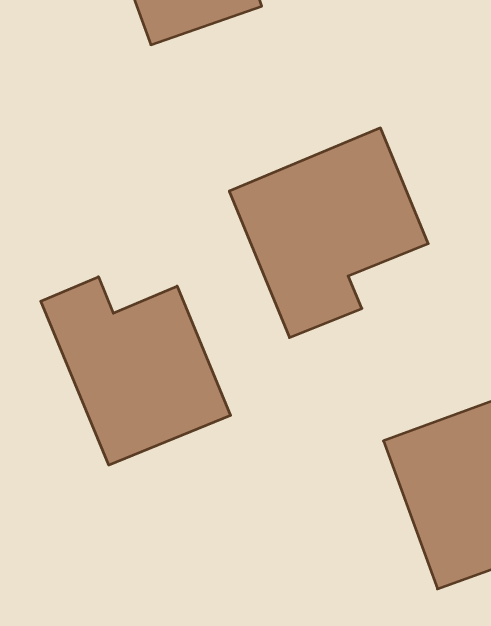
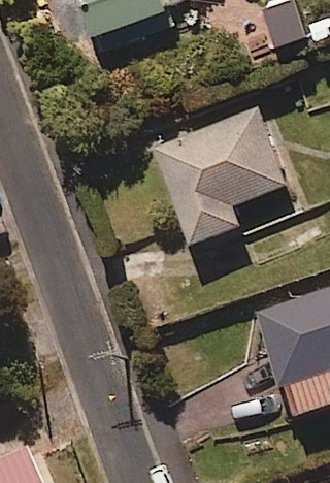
building: [41,277,231,465] -> none

